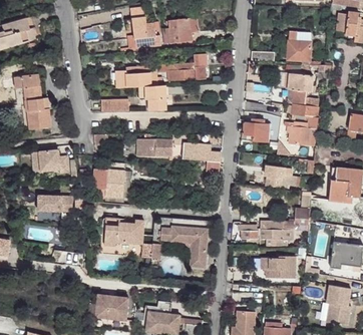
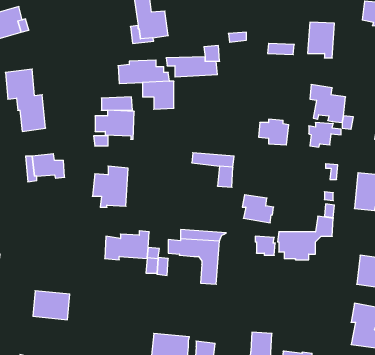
building: [162,17,196,44] -> none
building: [280,72,316,92] -> none
building: [137,134,172,160] -> [95,110,134,139]
building: [264,164,292,190] -> [242,195,274,223]
building: [38,196,72,212] -> none
building: [261,256,296,278] -> none
building: [95,295,128,321] -> [33,291,70,320]

